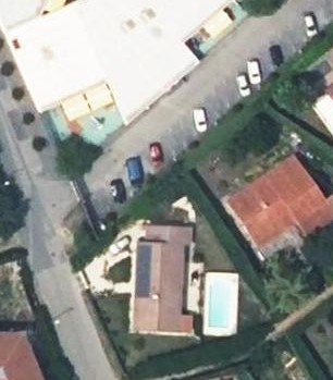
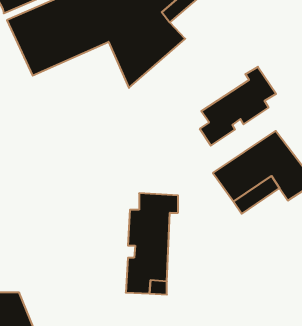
building: [36,64,138,124] -> none
building: none -> [200,67,276,146]

